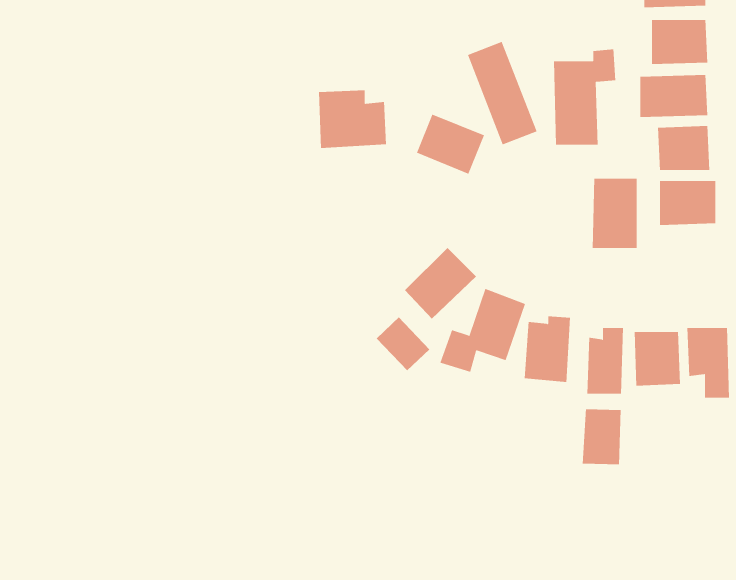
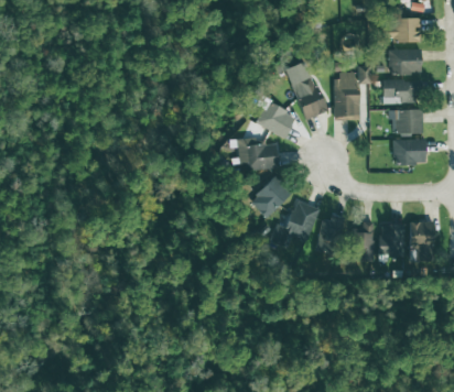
building: [318,90,387,149] -> [239,137,278,170]
building: [592,178,637,249] -> none
building: [376,317,430,371] -> none
building: [582,408,621,465] -> none

